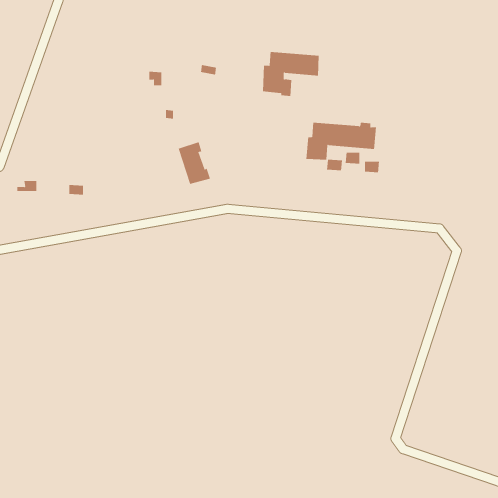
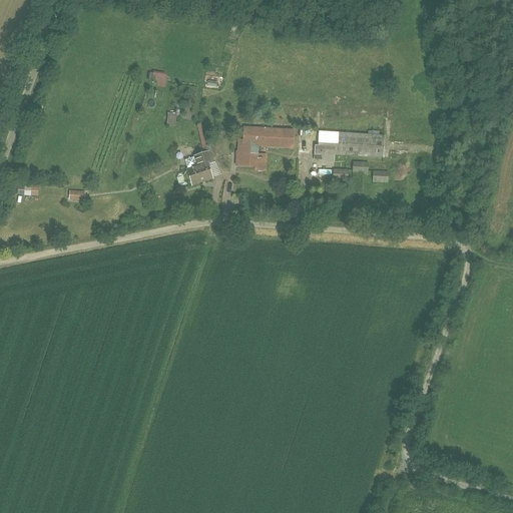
building: [262,52,320,97] -> [235,125,295,171]

